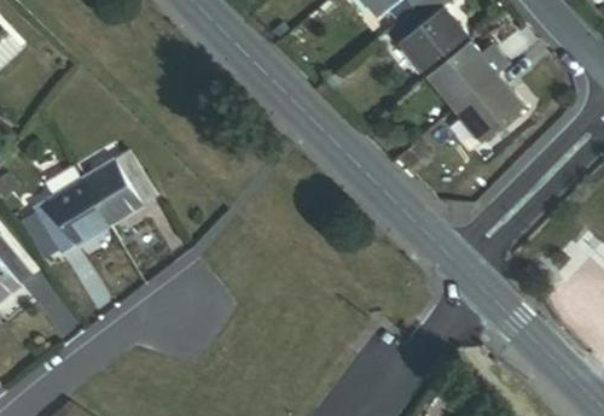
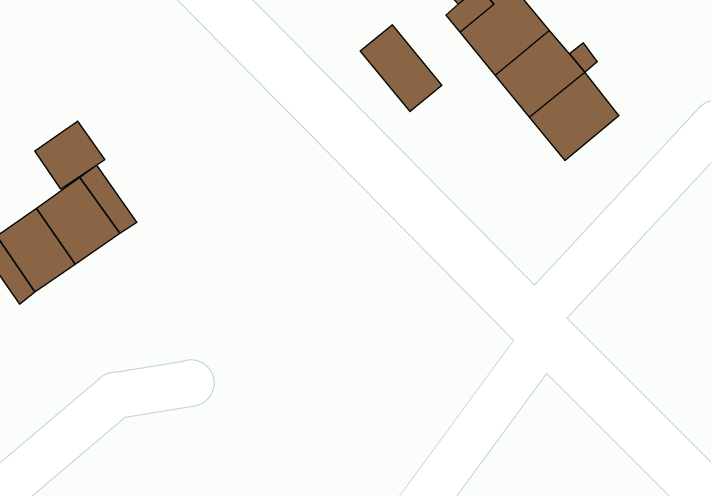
building: none -> [360,25,442,112]
building: none -> [35,121,105,189]

